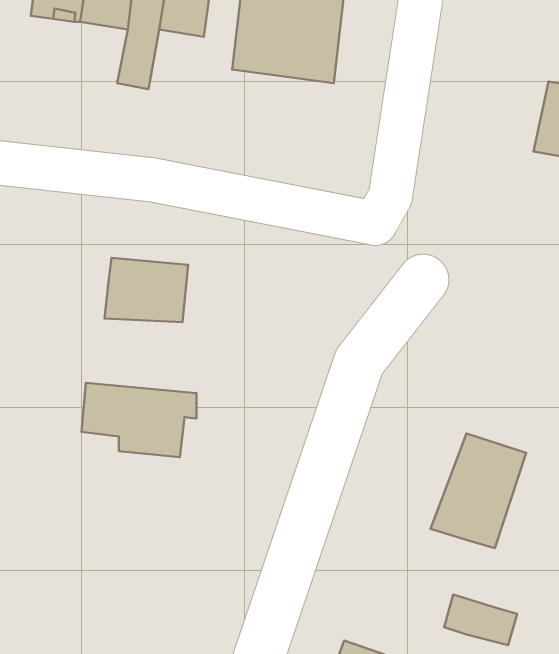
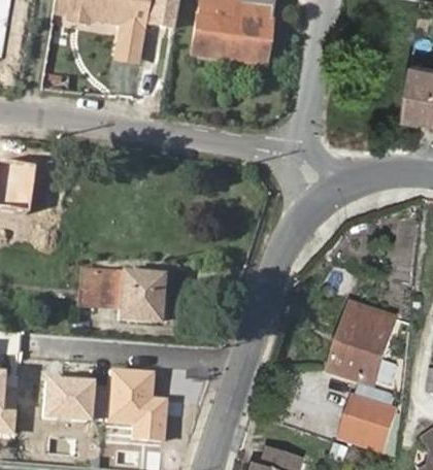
building: [104,258,188,322] -> none
building: none -> [38,368,165,440]
building: none -> [346,394,398,426]

